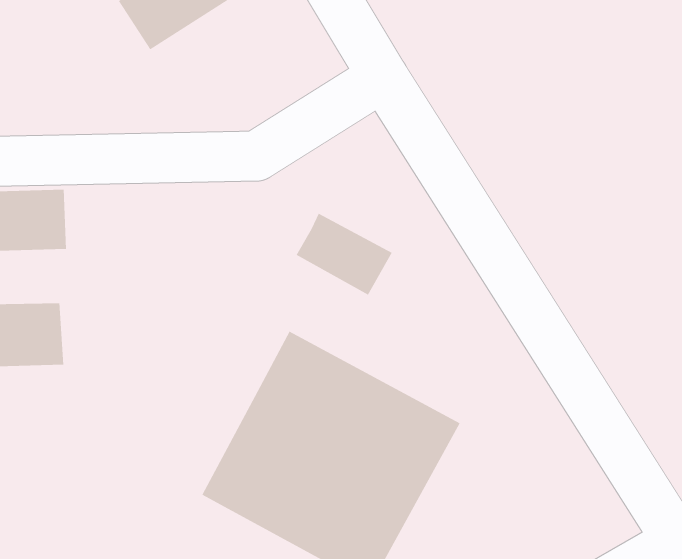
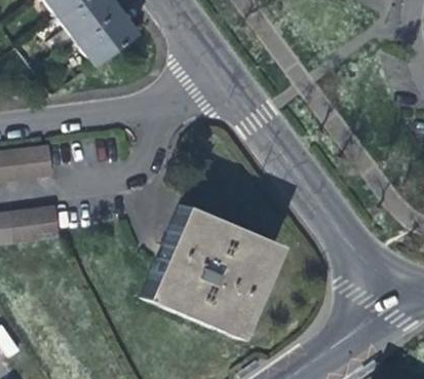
building: [296,213,392,295] -> none

